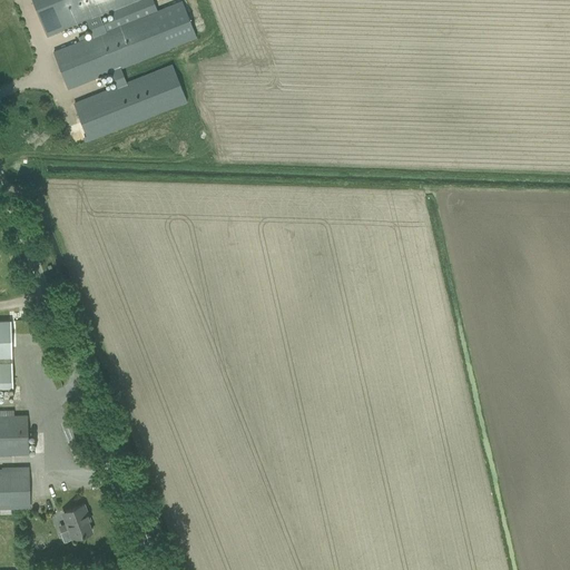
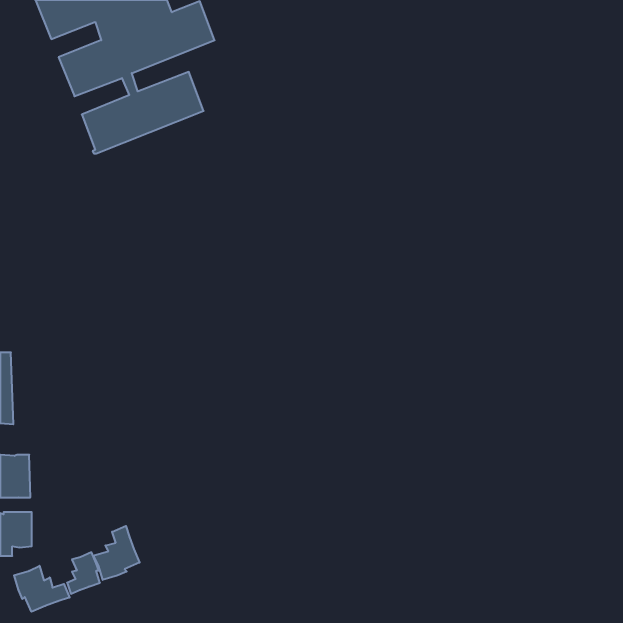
building: none -> [94,526,140,580]
building: none -> [14,566,70,612]

